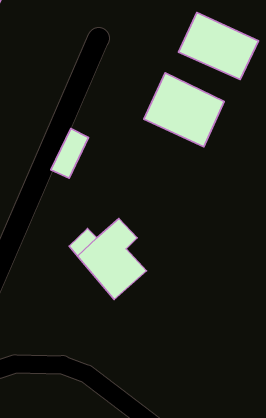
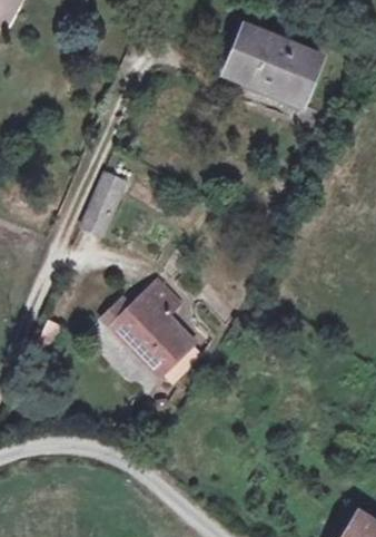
building: [144,73,224,147] -> none

